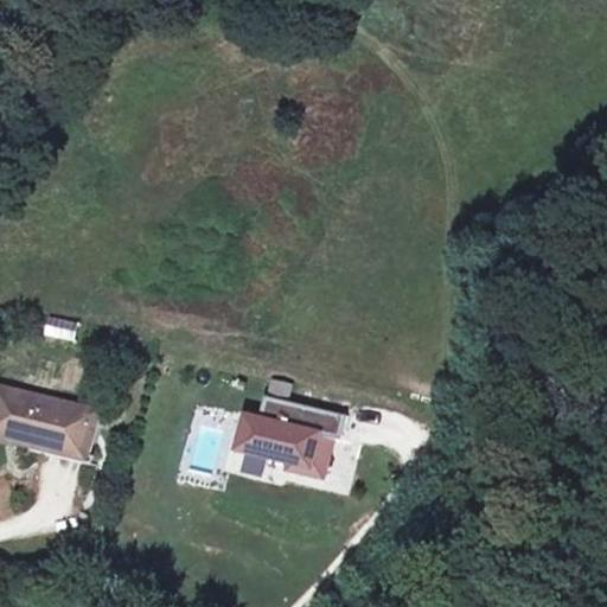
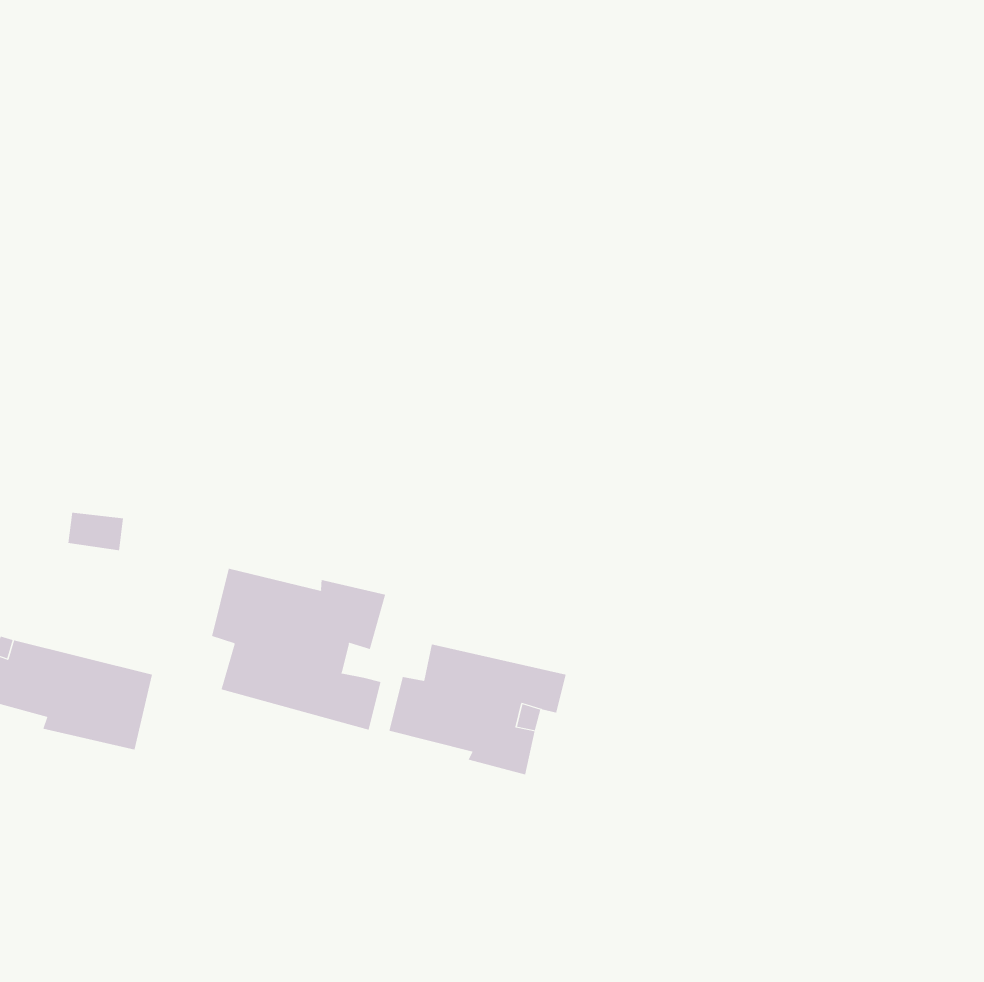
building: none -> [211,568,386,730]

